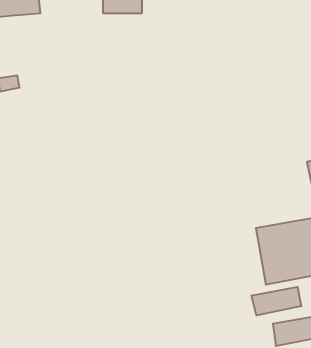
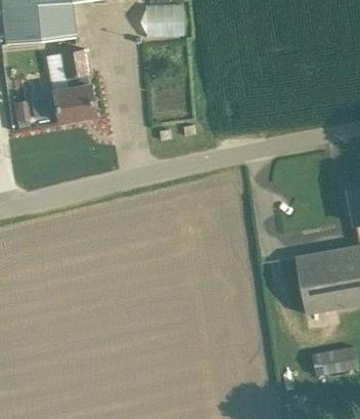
building: none -> [47,49,97,122]
building: [251,287,301,315] -> none

